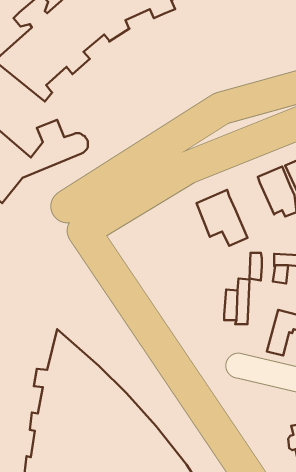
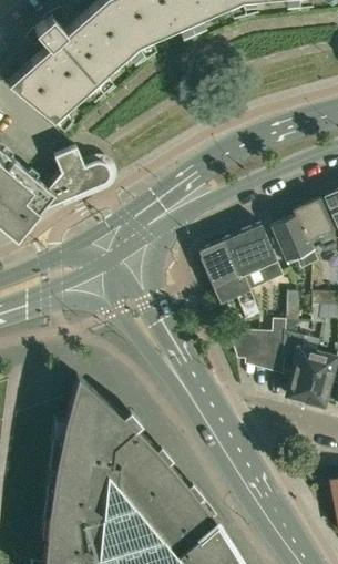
building: none -> [272,215,319,268]
building: none -> [201,237,260,320]
building: none -> [232,330,260,359]
building: none -> [287,332,317,399]

